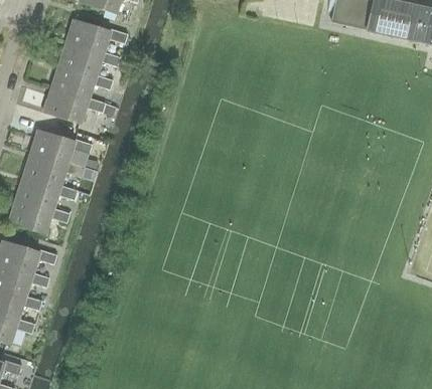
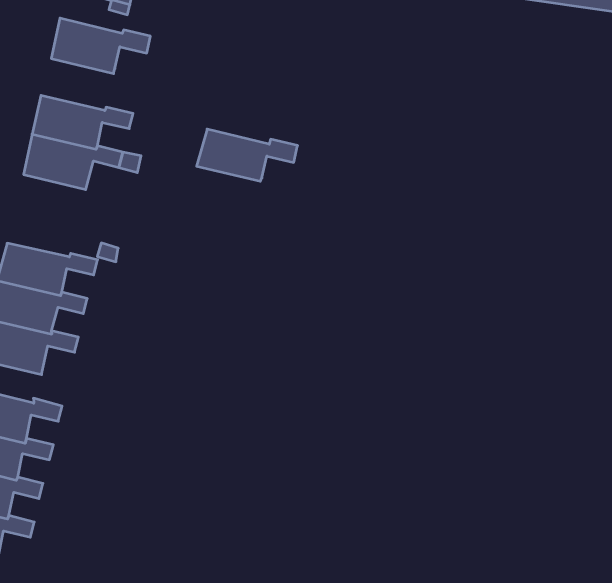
building: [57,42,120,76] -> [197,129,298,181]
building: [30,129,92,164] -> none

